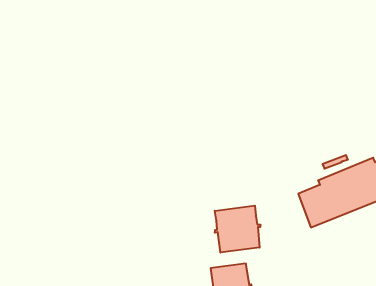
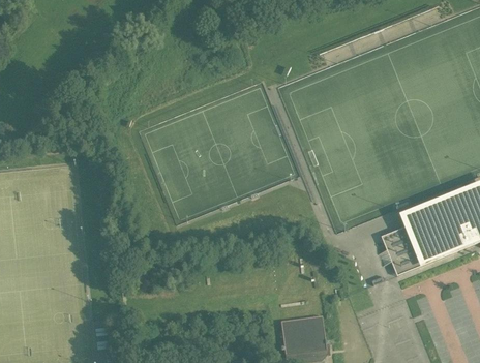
building: [215,206,260,253] -> none

